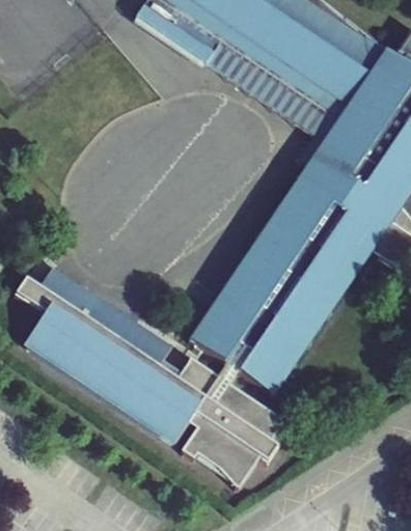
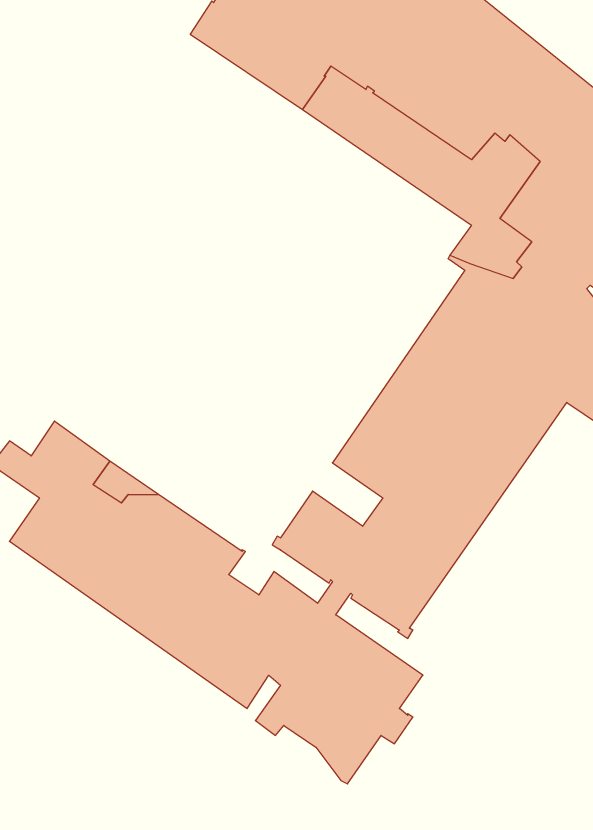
building: [215,288,258,328] -> none

